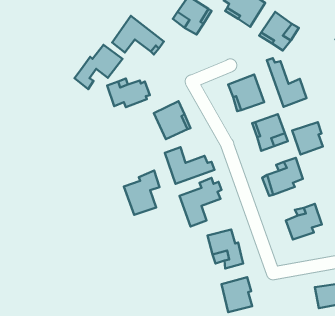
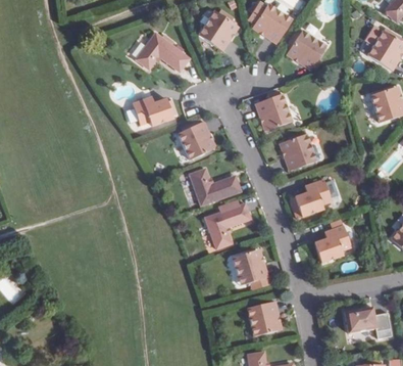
building: [74,45,122,89] -> none
building: [267,58,307,107] -> none
building: [292,122,323,154] -> none
building: [124,171,159,215] -> none

